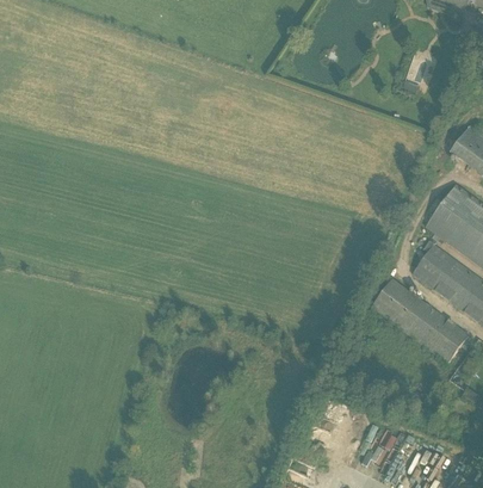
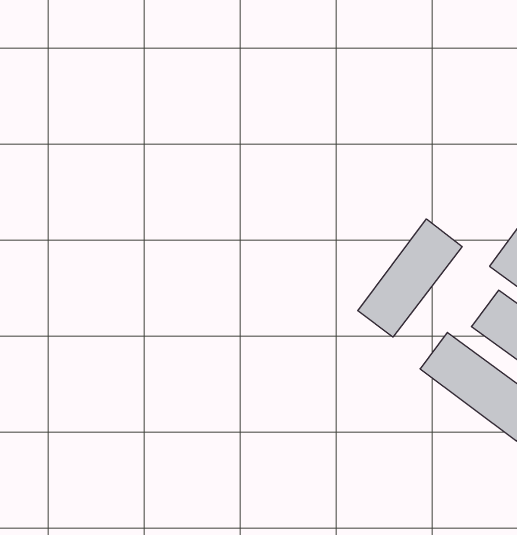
building: none -> [358,219,462,337]

